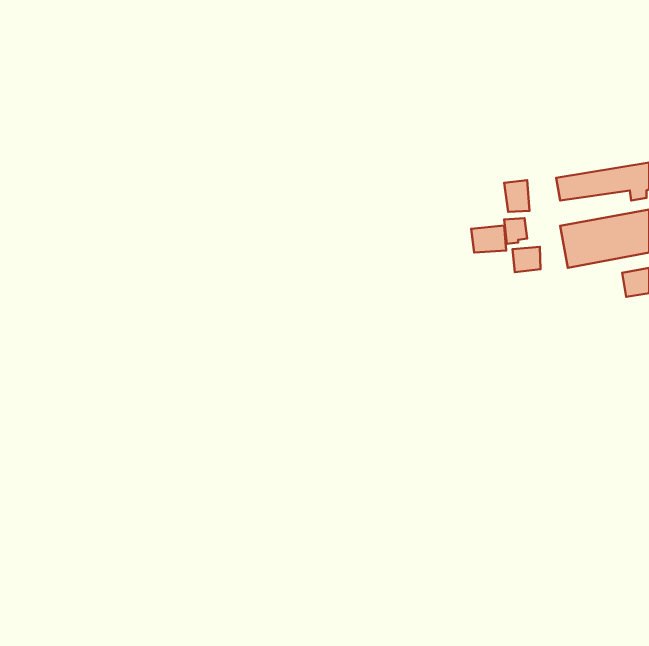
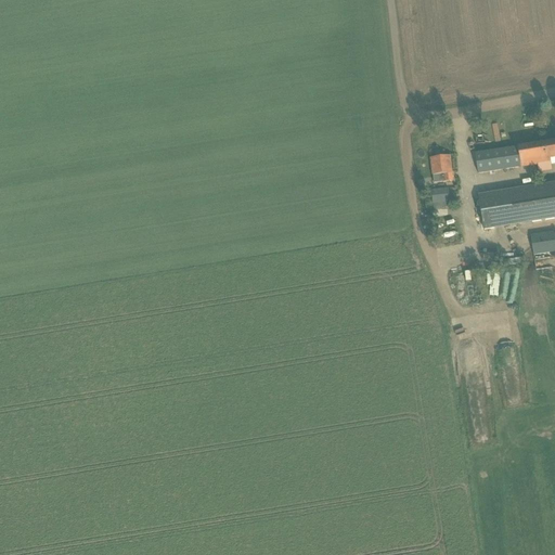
building: [471,225,506,252] -> none
building: [512,247,540,272] -> none

